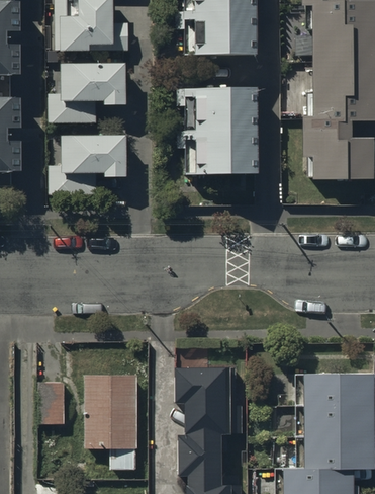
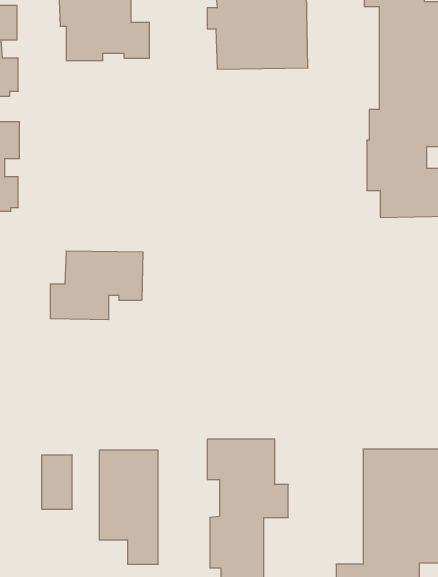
building: [48,64,125,121] -> none
building: [177,83,260,179] -> none
building: [49,137,125,193] -> [50,251,143,320]

